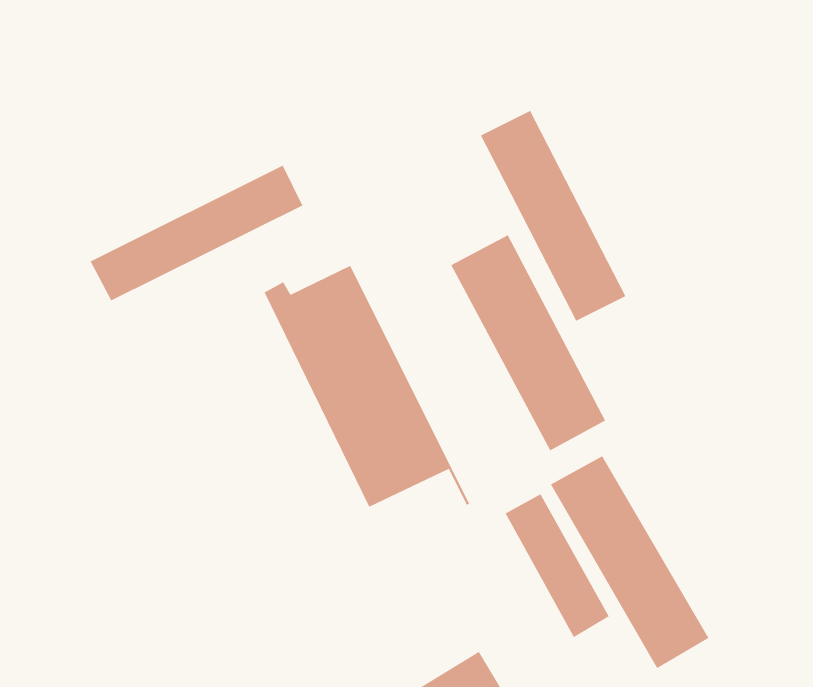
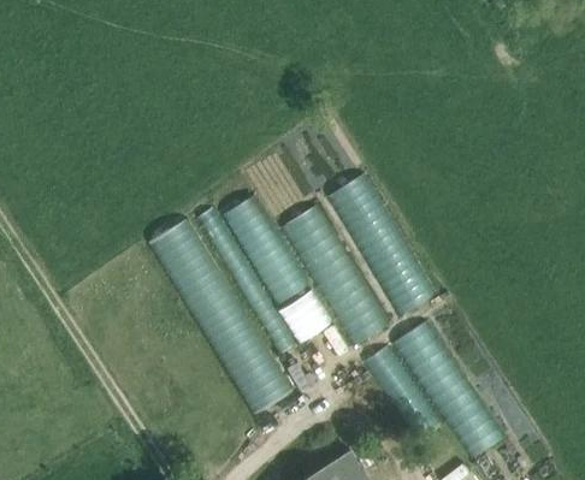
building: [480,110,627,322] -> [288,205,385,345]
building: [90,164,303,301] -> none
building: none -> [154,215,291,419]

